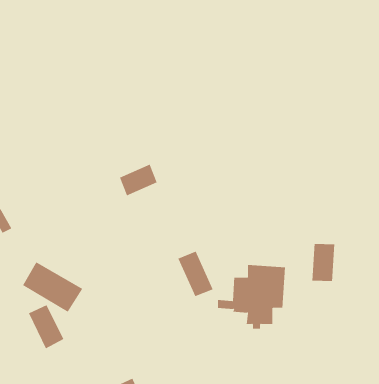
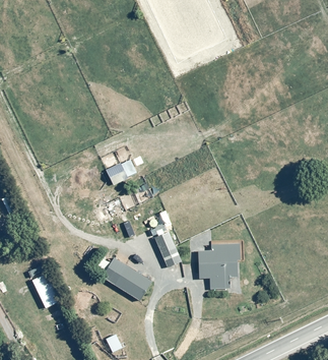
building: [312,243,335,282] -> none
building: [22,261,83,312] -> [103,257,152,299]

